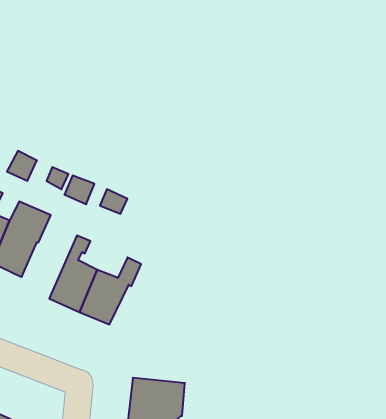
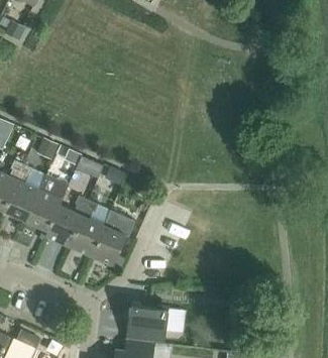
building: none -> [45,196,89,246]

